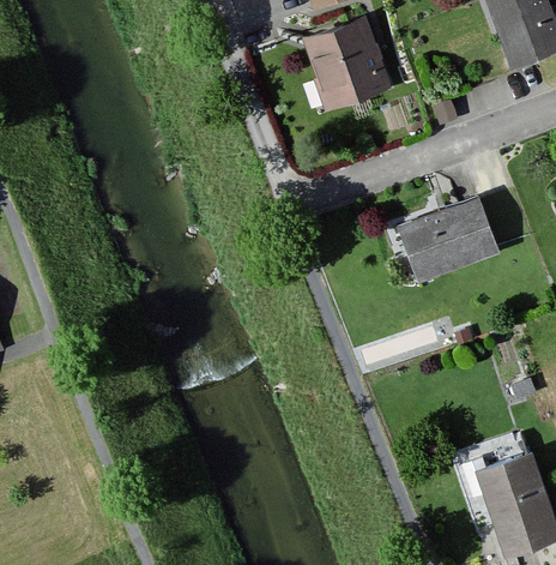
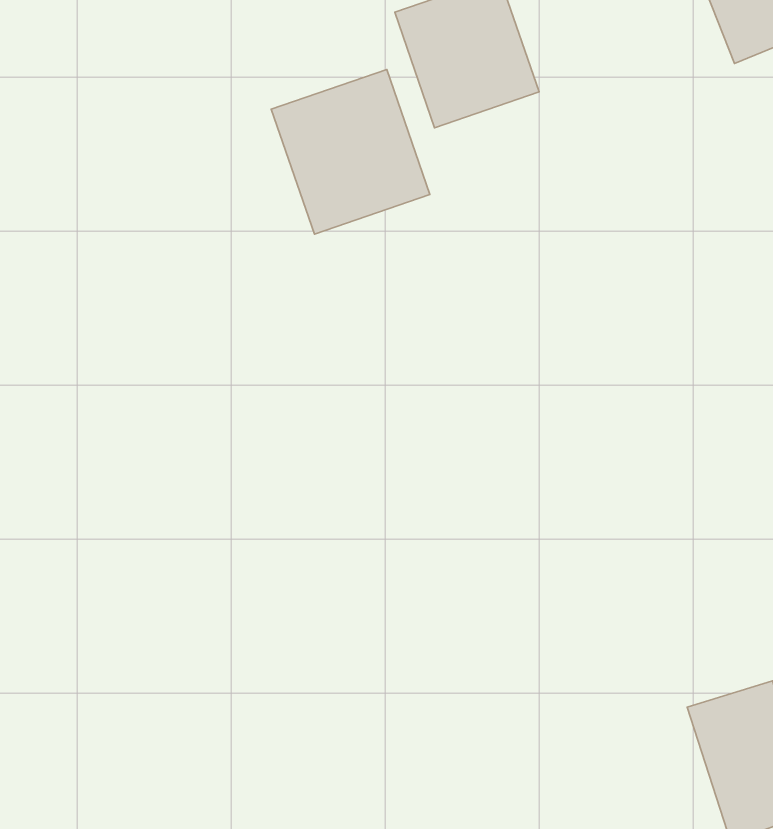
building: none -> [271,70,430,234]
building: [392,197,497,284] -> none

